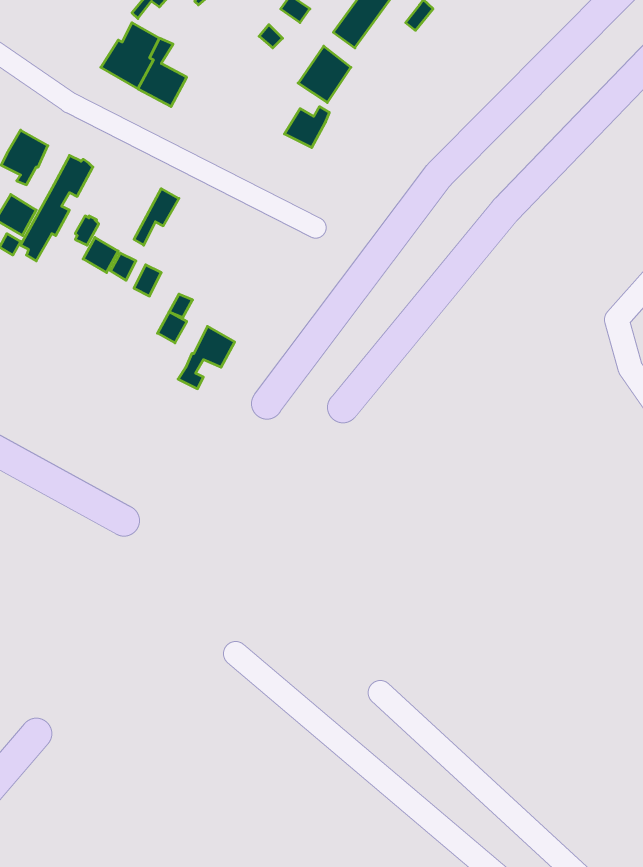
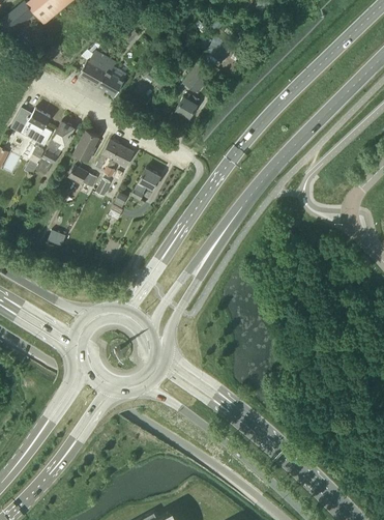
building: none -> [75,129,99,160]
building: none -> [105,144,135,176]
building: [178,326,235,389] -> [131,167,161,200]

